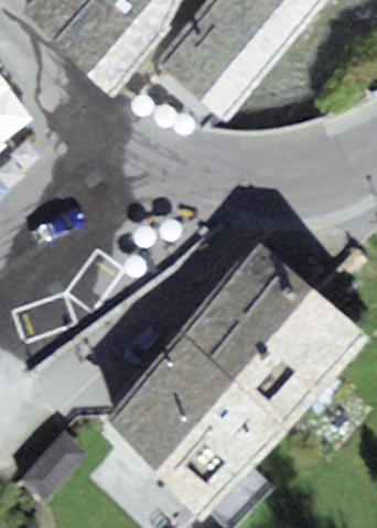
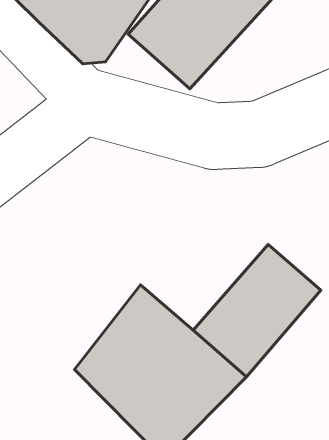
building: [172,235,309,376] -> none

